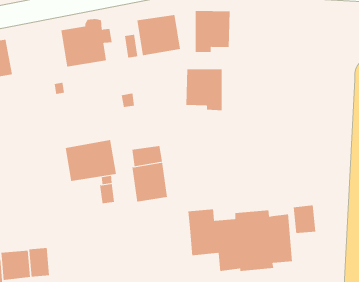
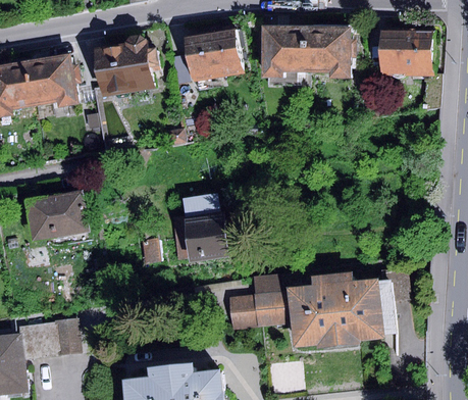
building: none -> [381,31,432,74]
building: none -> [28,52,79,106]
building: [186,69,223,111] -> [304,26,350,78]
building: [65,140,117,182] -> [24,189,89,241]
building: none -> [230,294,257,331]

